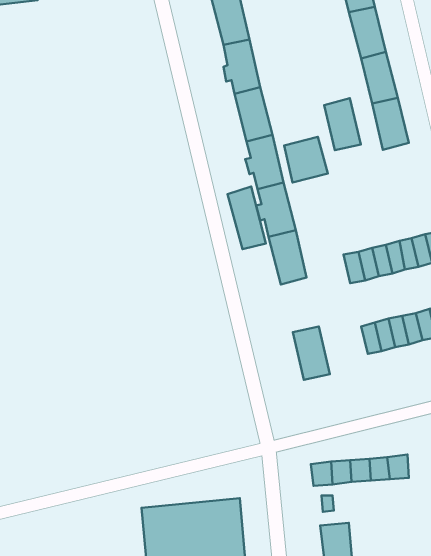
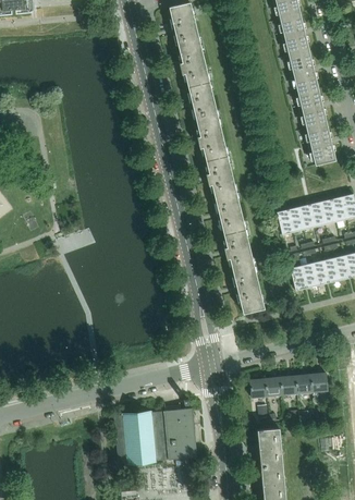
building: [324,98,361,150] -> [307,123,336,164]
building: [284,137,328,183] -> none
building: [227,186,266,249] -> none
building: none -> [224,231,256,275]

